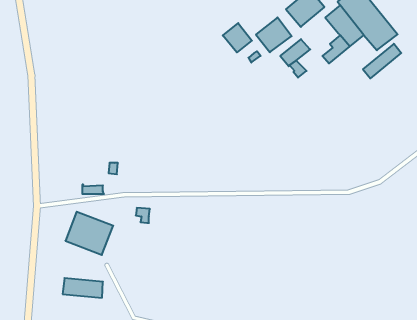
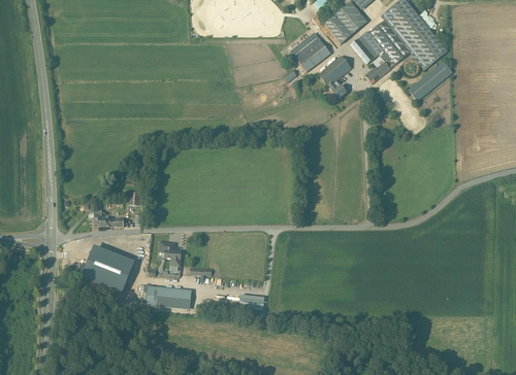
building: none -> [351,31,383,63]
building: [223,23,252,52] -> none
building: [63,278,103,298] -> [147,285,191,307]

